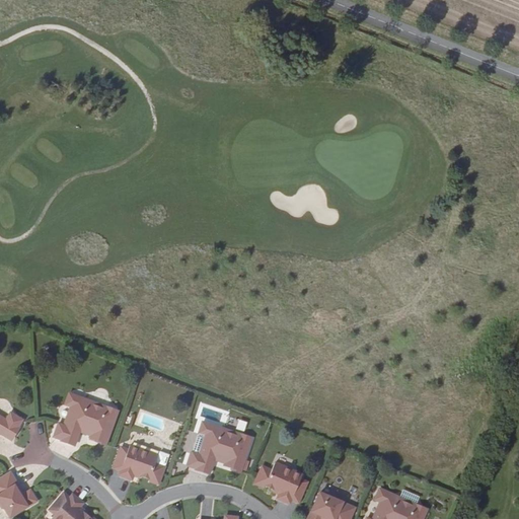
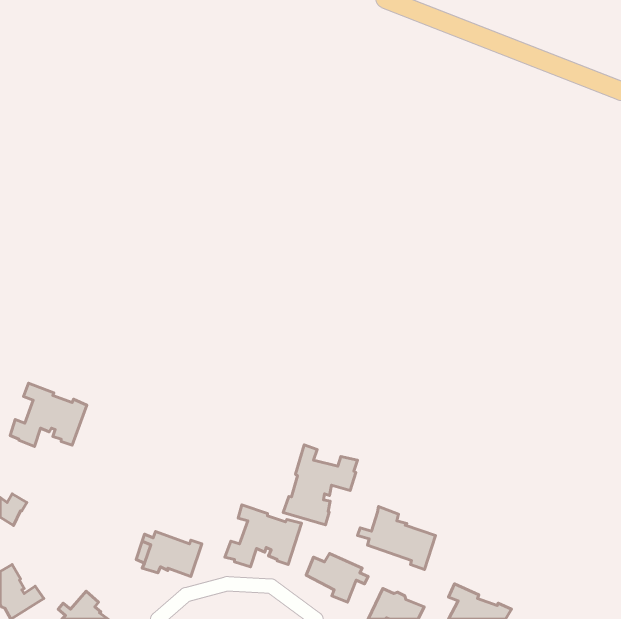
building: none -> [283,445,358,525]
building: [54,392,118,445] -> [10,383,87,446]
building: none -> [358,507,435,569]

